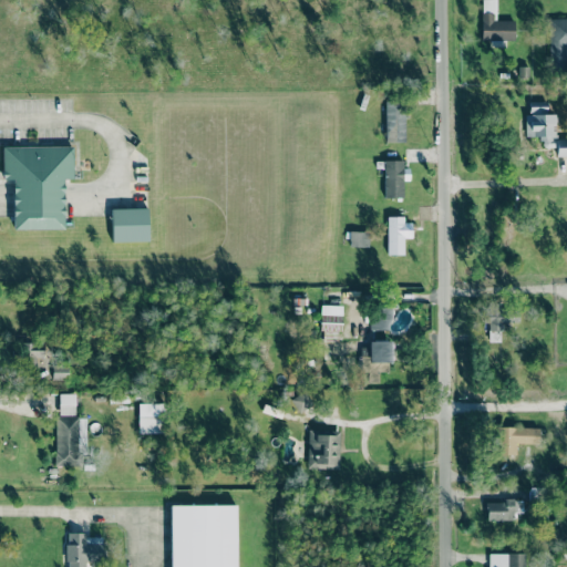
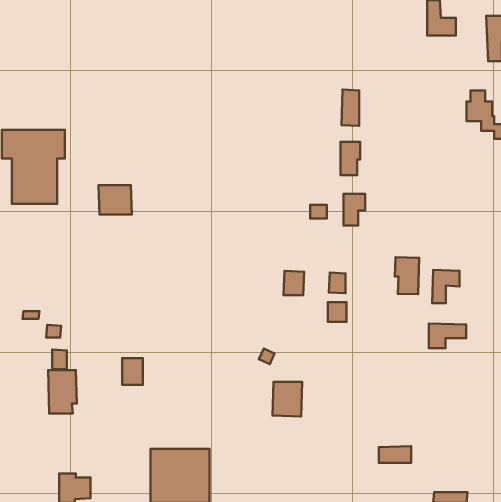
building: none -> [395,257,419,294]
building: [498,427,540,455] -> [429,324,466,348]
building: [487,501,524,519] -> [379,446,411,463]

